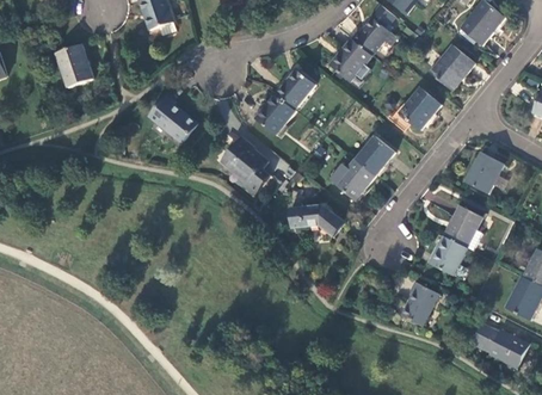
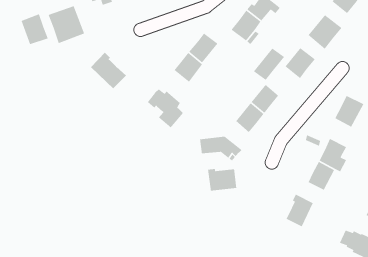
building: none -> [48,5,85,44]
building: none -> [253,47,285,81]
building: none -> [207,168,237,191]

